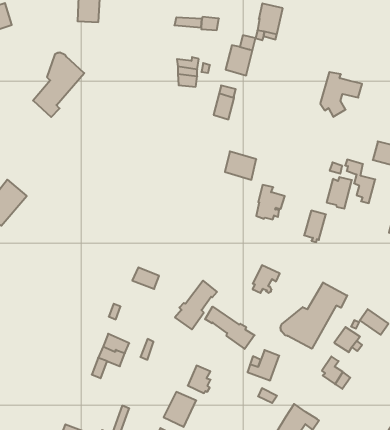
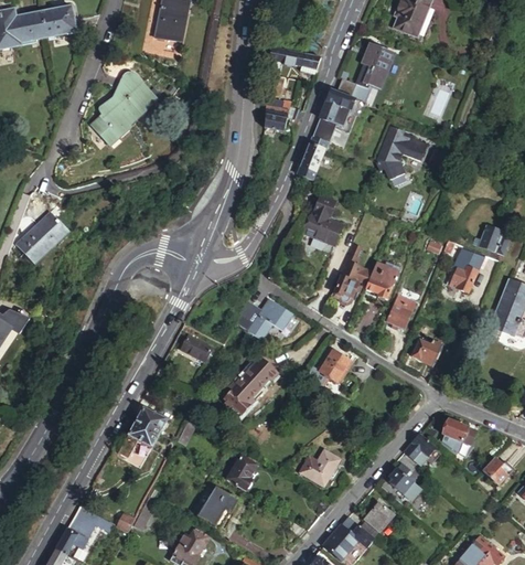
building: [320,72,362,117] -> [375,126,427,179]
building: [327,177,352,209] -> [366,263,399,300]
building: none -> [235,298,292,339]
building: none -> [411,341,442,367]
building: [280,282,347,349] -> none
building: [205,307,255,349] -> none
building: none -> [362,502,394,537]

